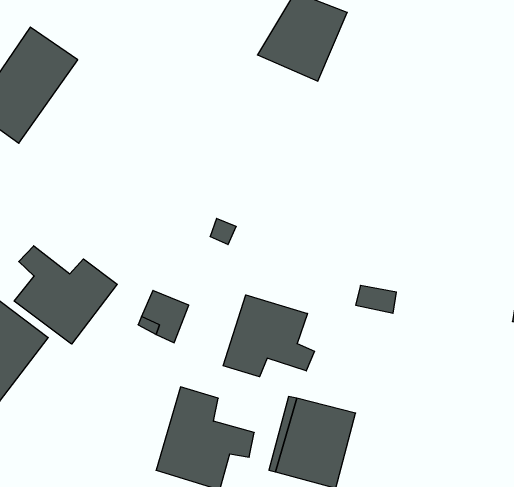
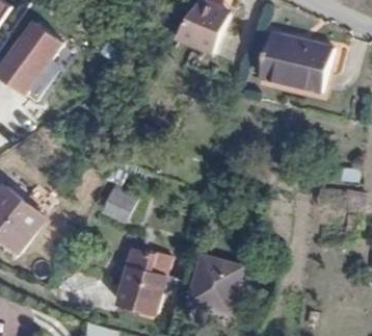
building: none -> [263,32,336,93]
building: [14,246,117,344] -> none
building: [223,295,315,377] -> none

